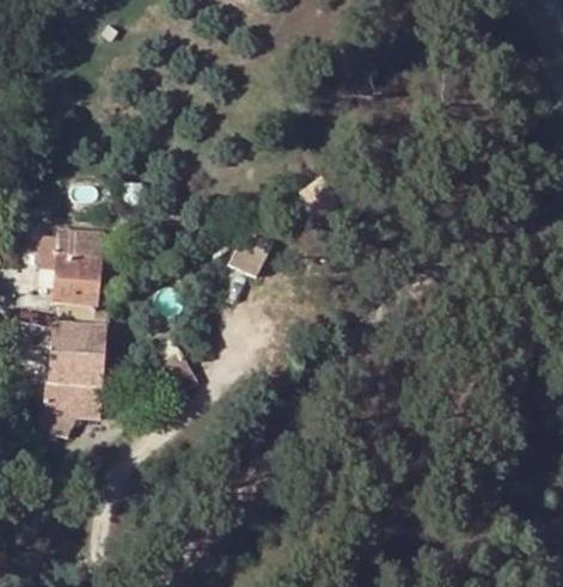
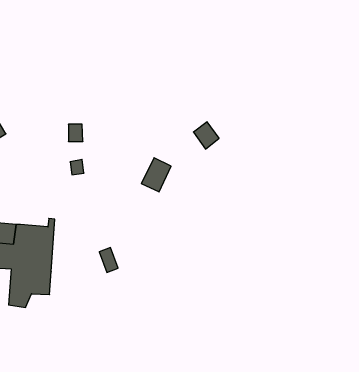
building: [38,234,108,324] -> none

